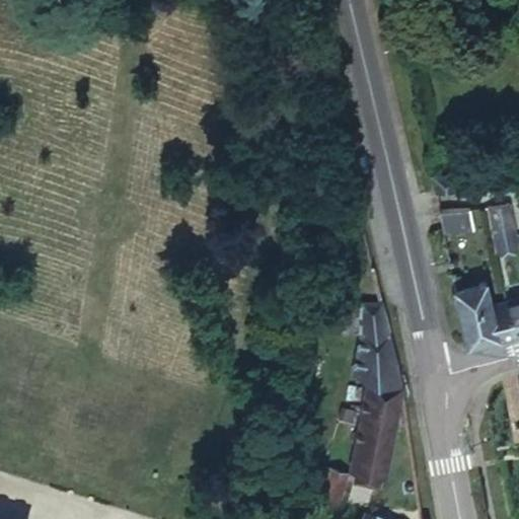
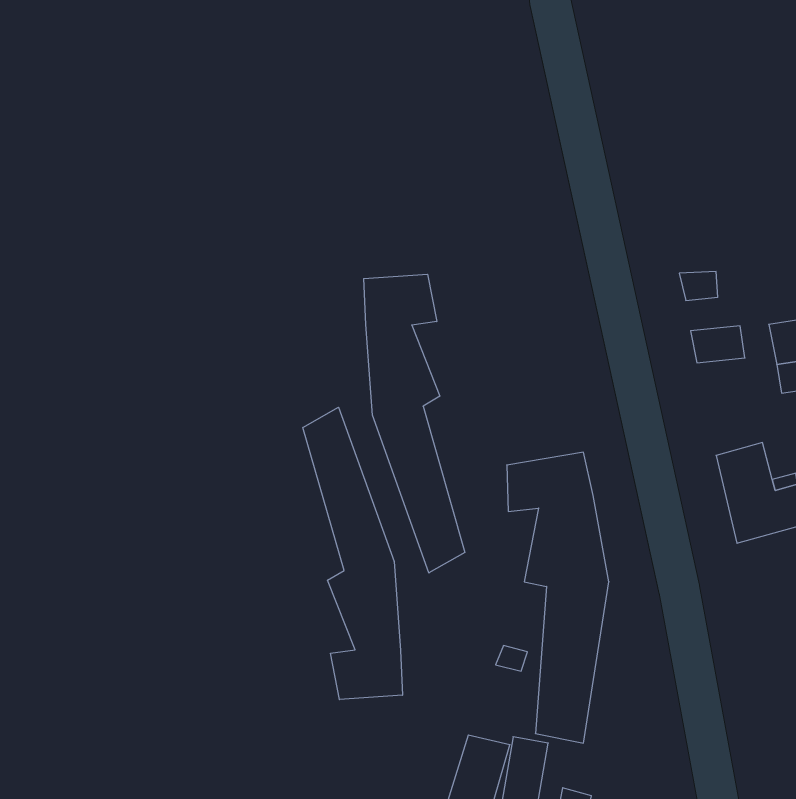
building: none -> [364,274,465,573]
building: none -> [303,407,402,700]

